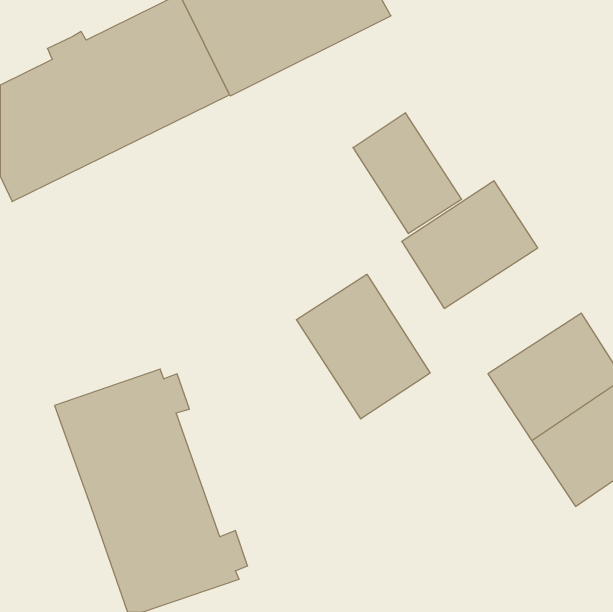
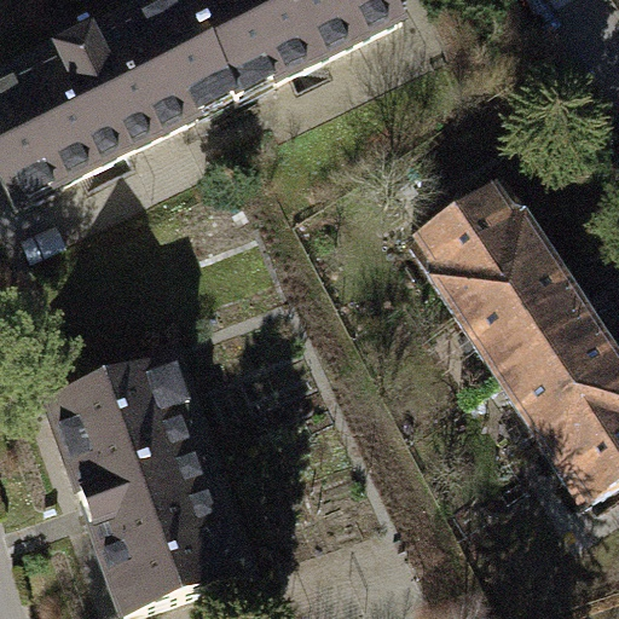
building: [353,113,462,234] -> none
building: none -> [450,247,586,372]
building: [296,274,430,419] -> none

